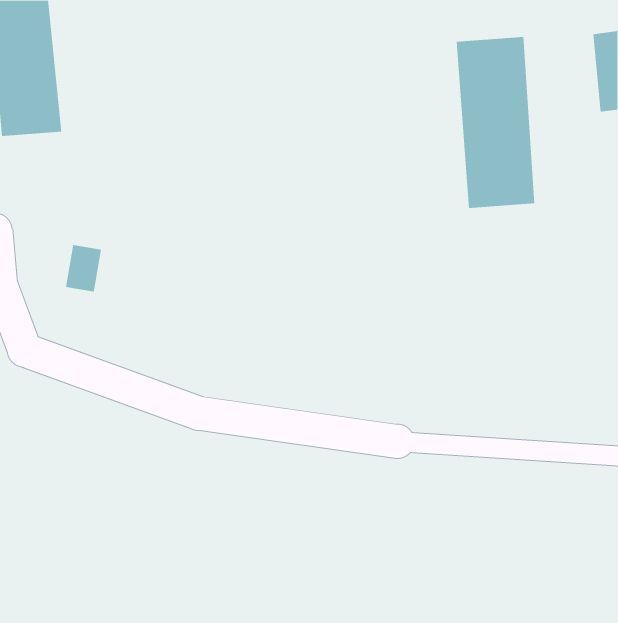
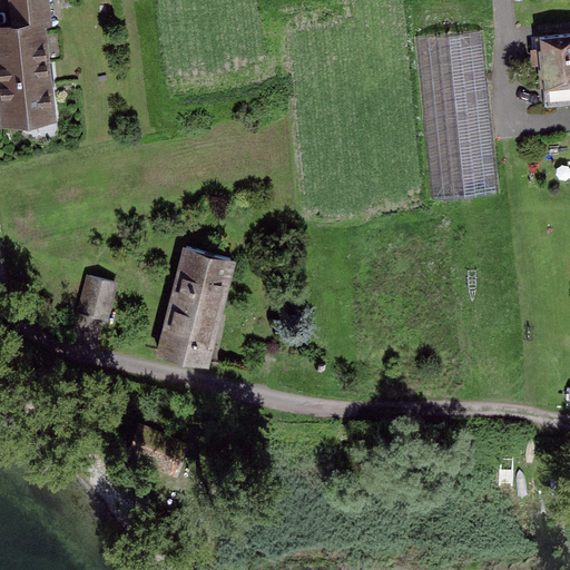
building: [65,245,102,292] -> [80,276,114,320]
building: none -> [158,248,238,362]

